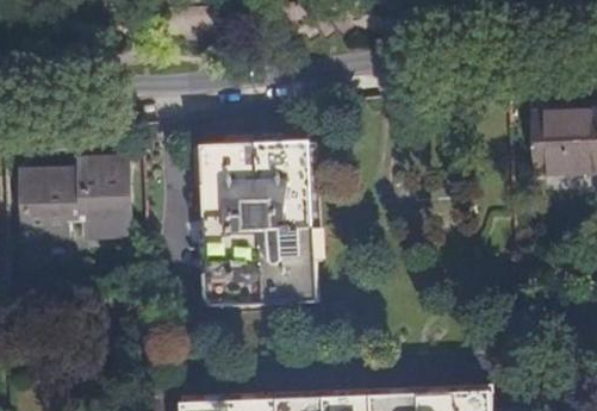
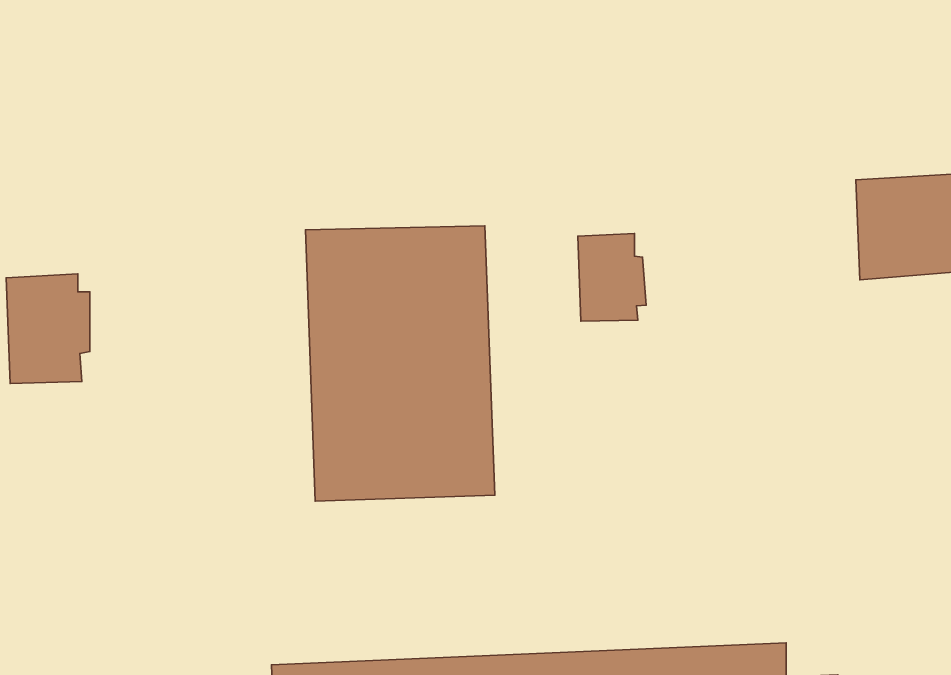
building: none -> [578,234,646,321]
building: [74,157,129,231] -> none

